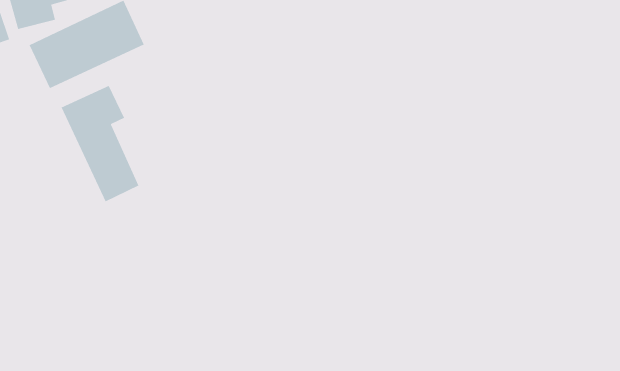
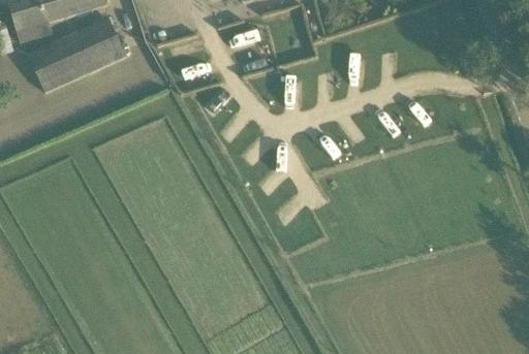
building: [61,85,140,203] -> none

